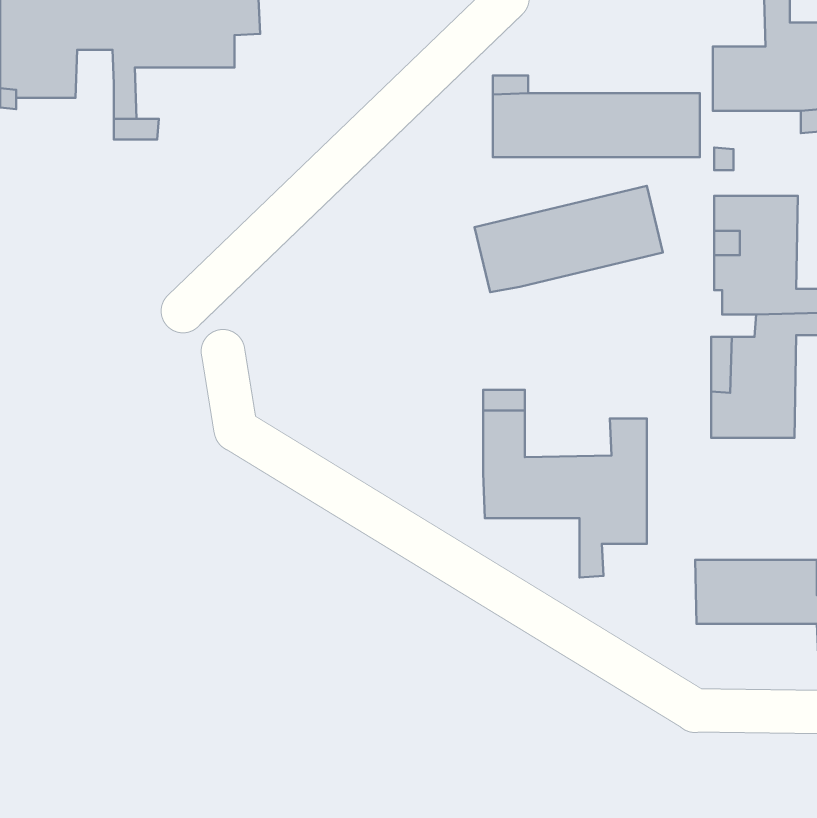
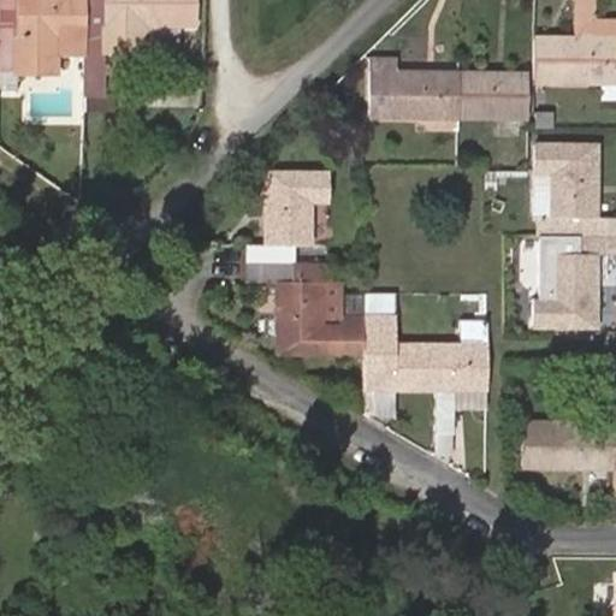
building: [474,186,663,292] -> none
building: none -> [245,170,365,355]

